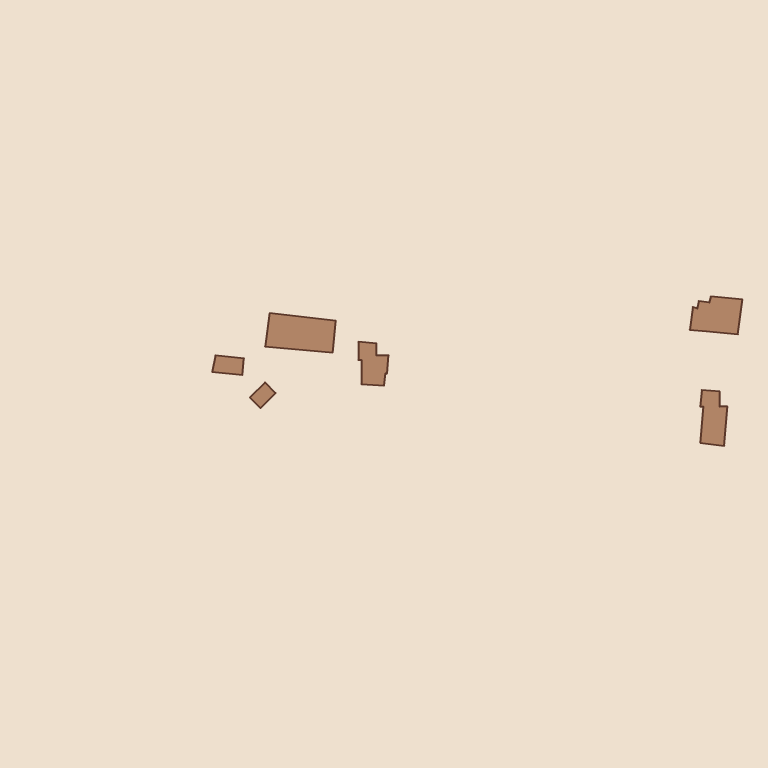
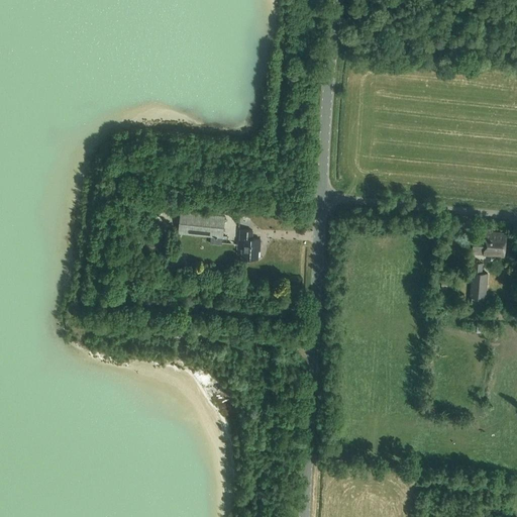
building: [690,297,742,334] -> [473,232,508,257]

